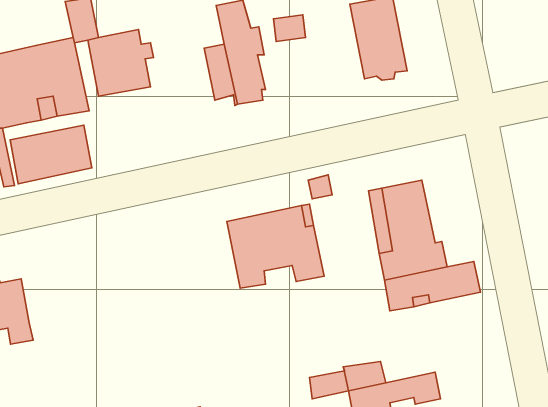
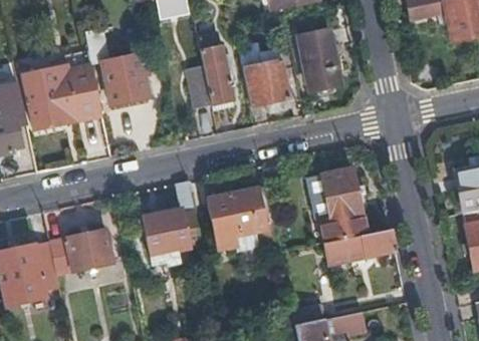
building: none -> [242,59,290,105]
building: [10,125,92,184] -> [50,231,111,275]
building: none -> [142,182,201,264]

